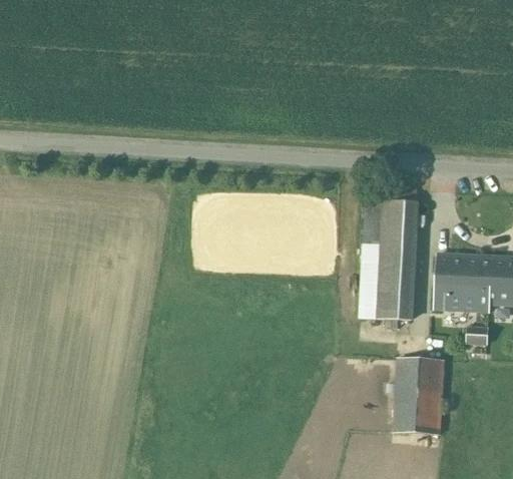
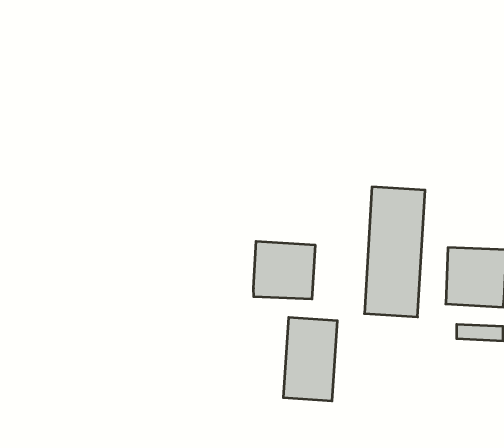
building: none -> [254,241,315,299]
building: [394,357,444,434] -> [283,317,337,401]

